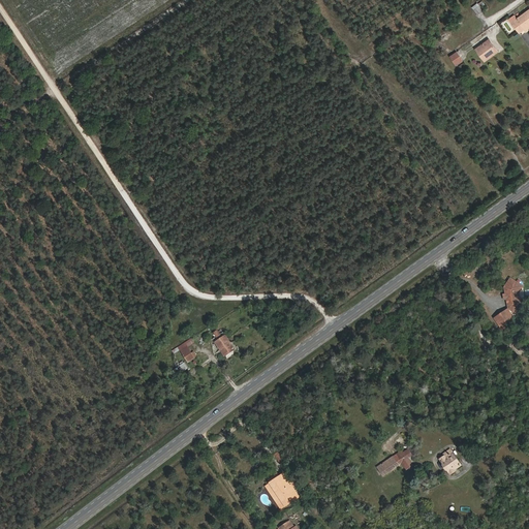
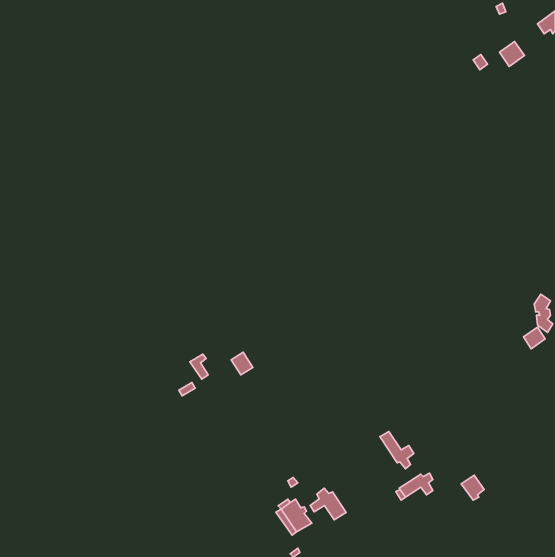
building: none -> [380,432,414,469]
building: none -> [310,488,346,520]

